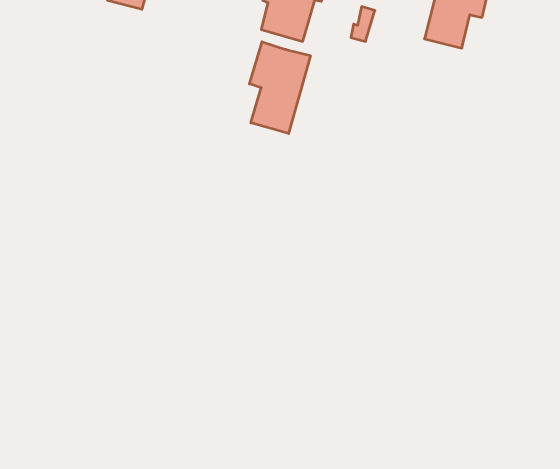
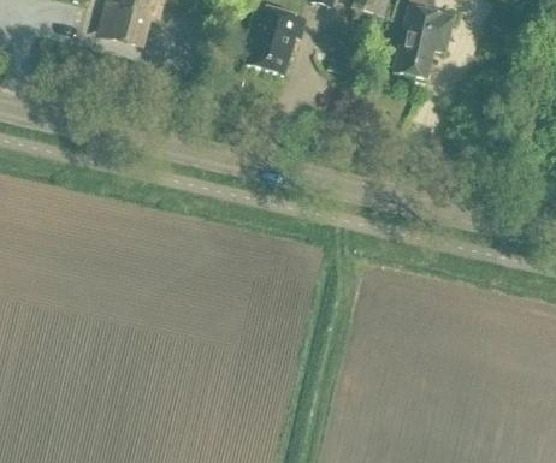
building: [249,42,310,134] -> none

